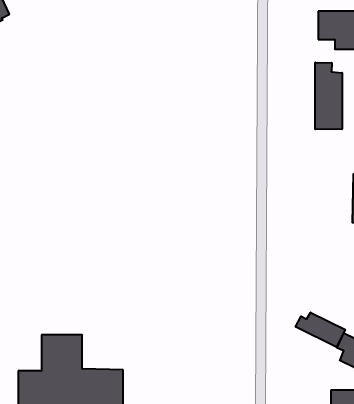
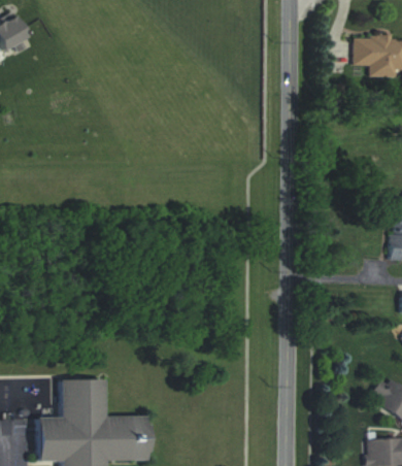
building: [315,62,342,129] -> none
building: [296,312,345,347] -> none

